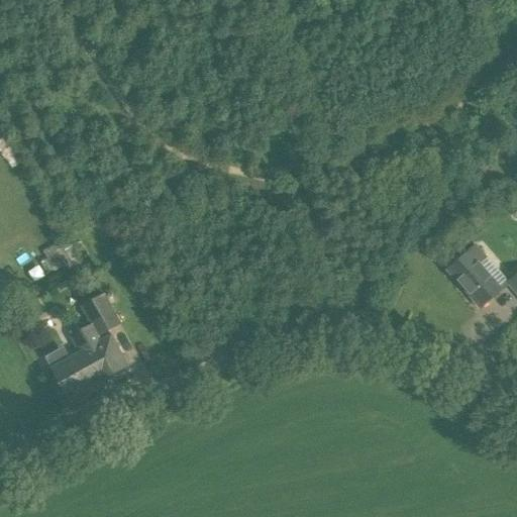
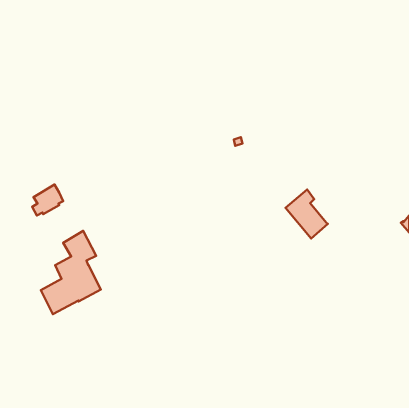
building: [448,244,502,306] -> [285,189,328,238]

